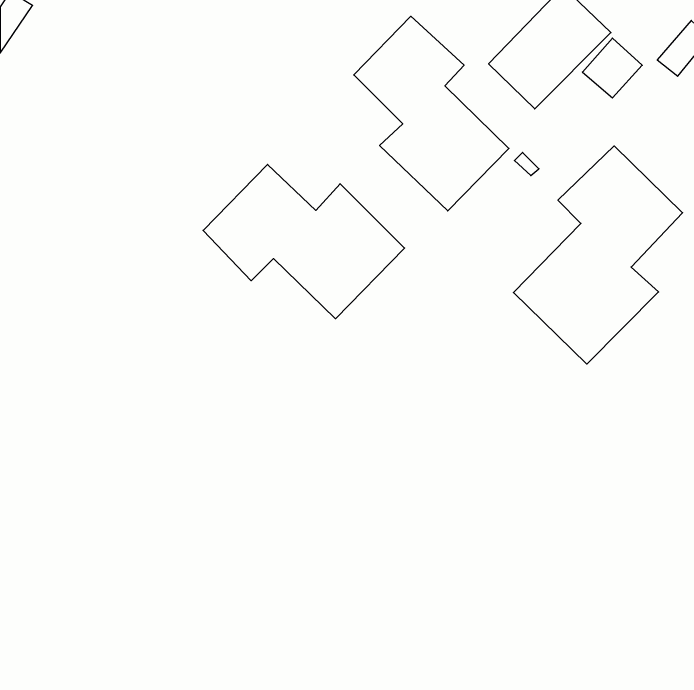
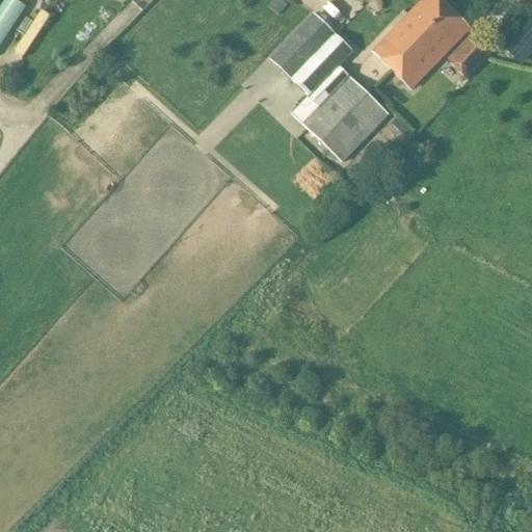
building: [513,146,683,364] -> none
building: [203,164,405,319] -> none

